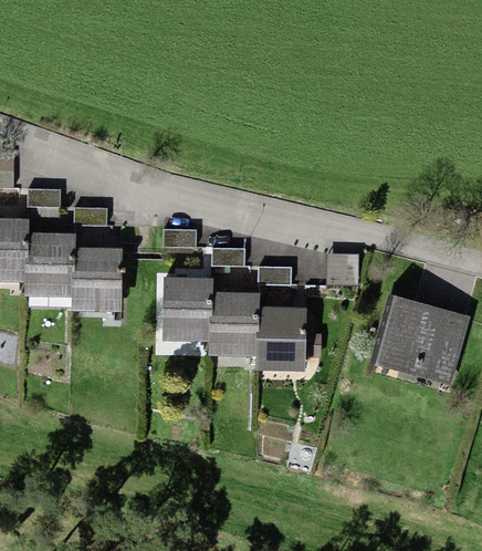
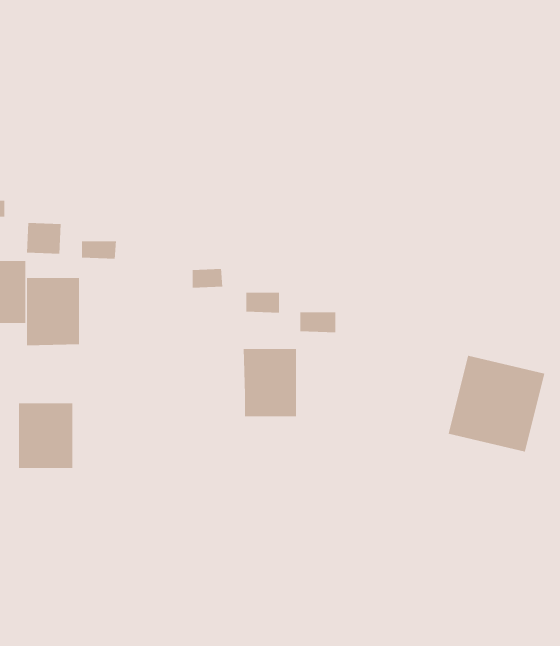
building: [73,252,119,308] -> [18,403,73,468]
building: [163,281,211,334] -> none
building: [255,312,302,367] -> none

